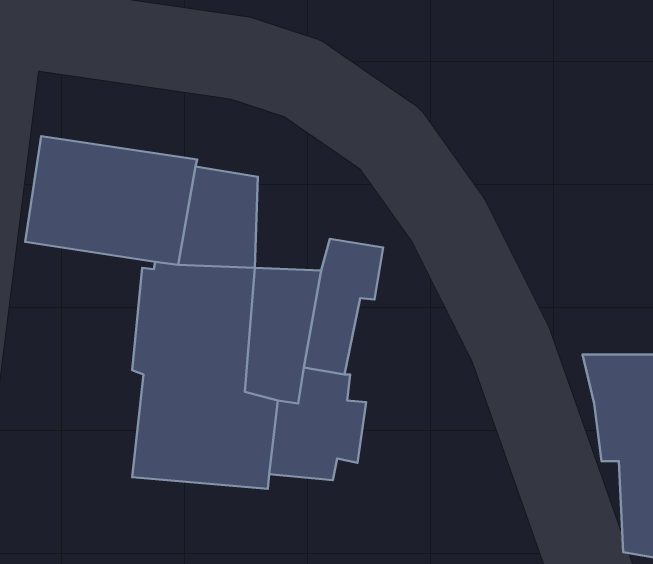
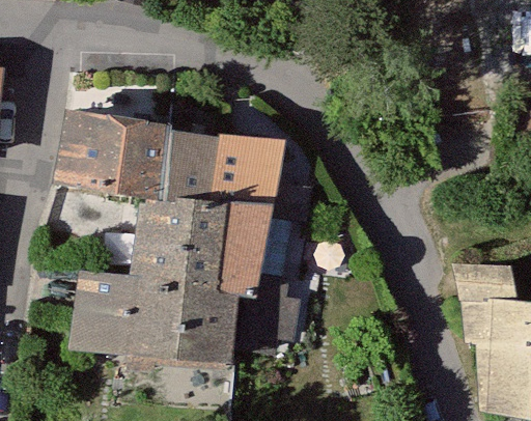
building: none -> [219,134,285,205]
building: none -> [66,272,139,354]

